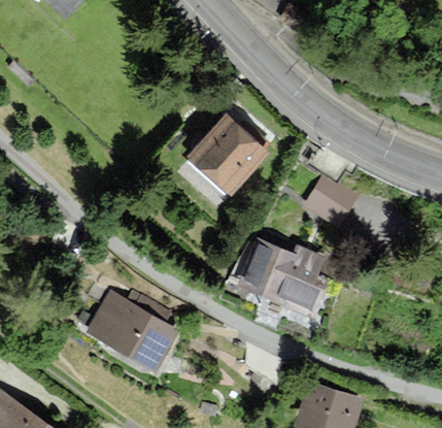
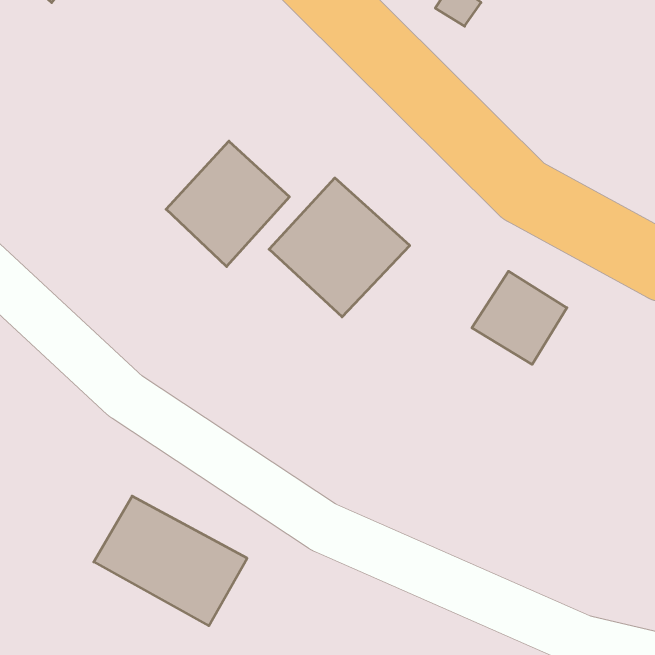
building: none -> [166,141,289,267]
building: [238,239,325,318] -> none

